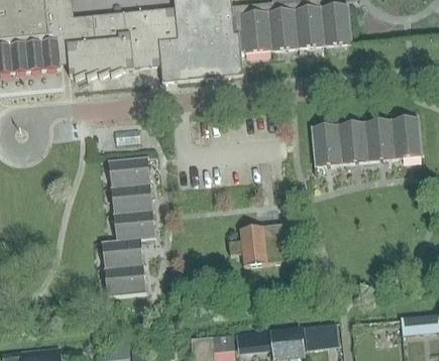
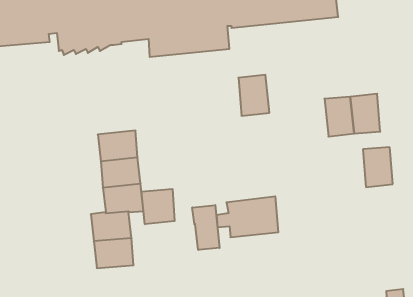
building: [392,117,422,157] -> [363,147,393,187]
building: [311,124,342,165] -> [238,75,269,116]
building: none -> [142,189,175,224]
building: none -> [192,205,220,250]

